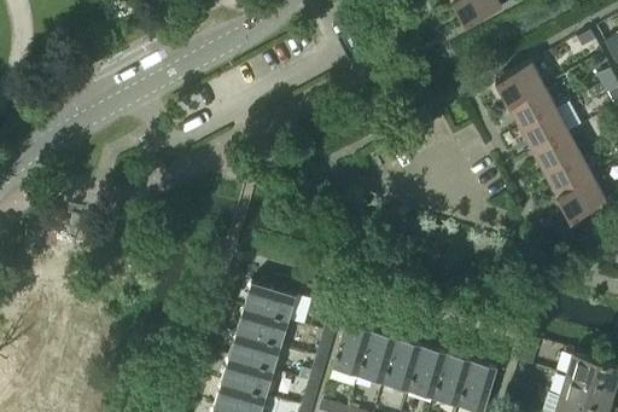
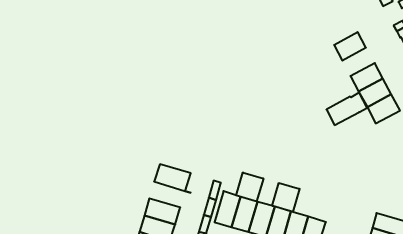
building: [496,63,544,106] -> none
building: [521,104,582,152] -> [326,92,367,125]
building: none -> [236,172,263,201]
building: [235,308,297,347] -> none
building: none -> [272,183,300,212]

